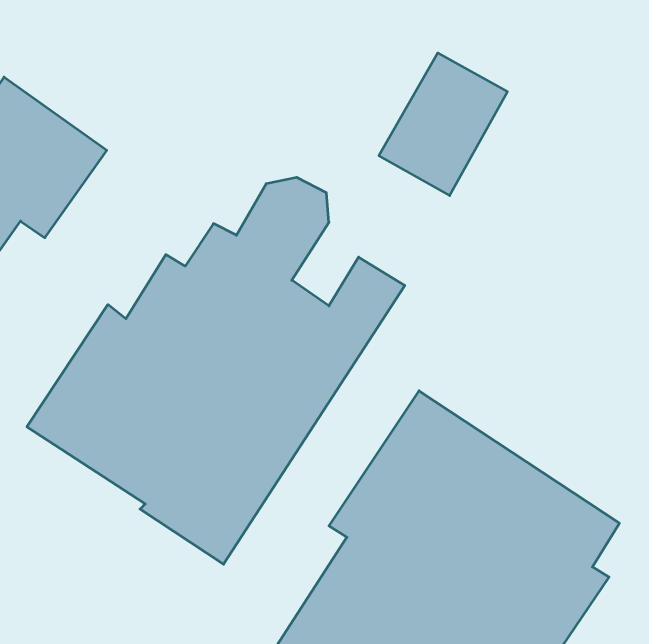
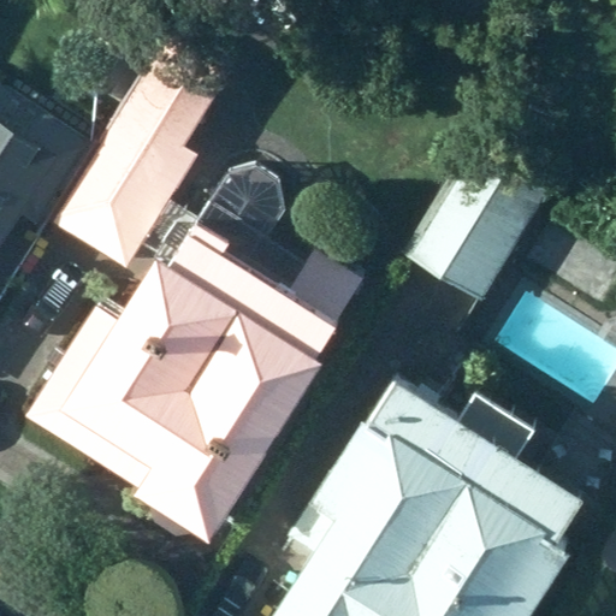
building: none -> [57,40,229,263]
building: [379,53,507,196] -> [395,170,515,303]

